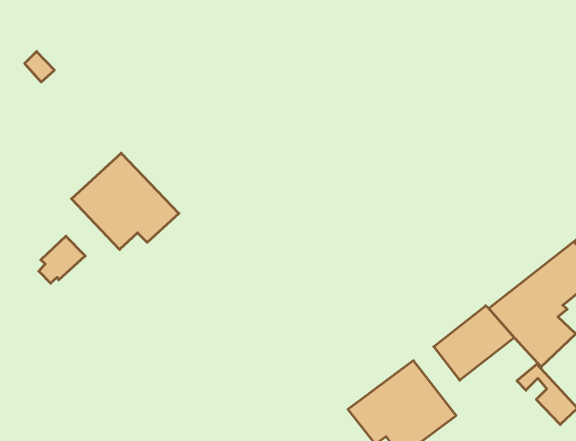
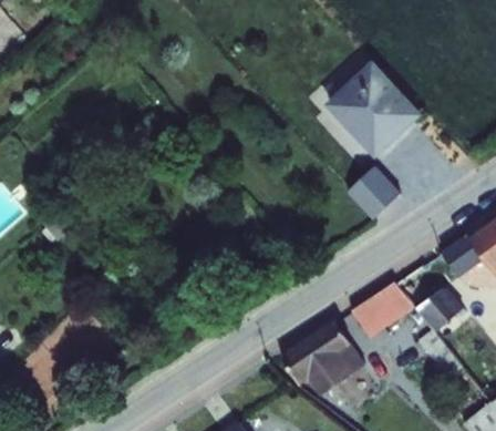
building: none -> [326,61,423,158]
building: [71,153,179,250] -> none
building: none -> [349,166,401,218]

